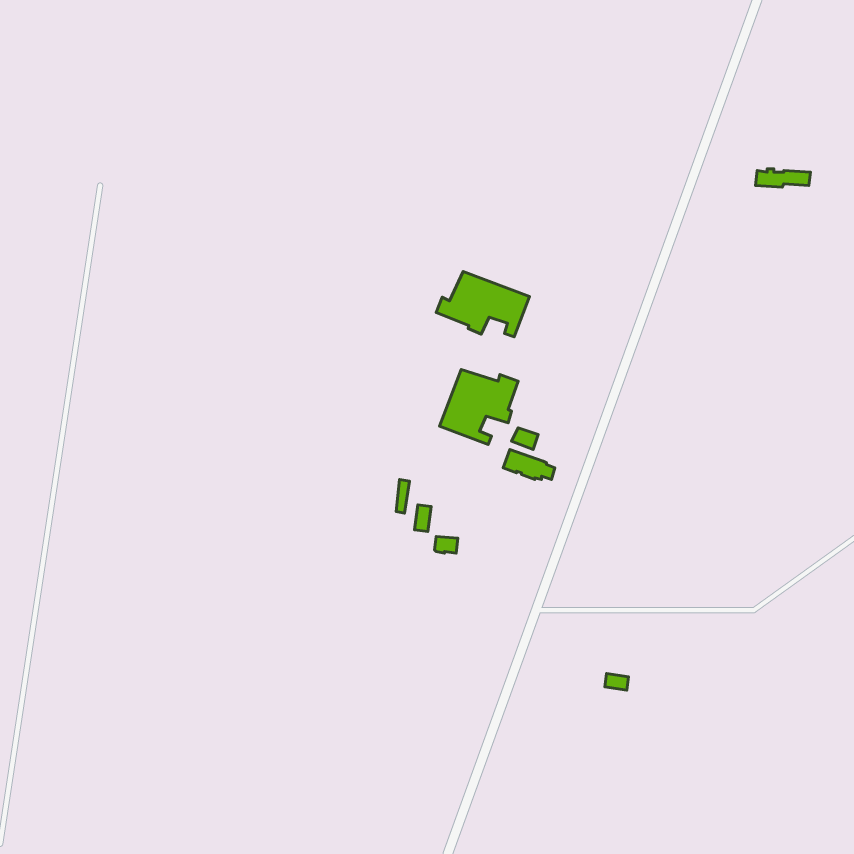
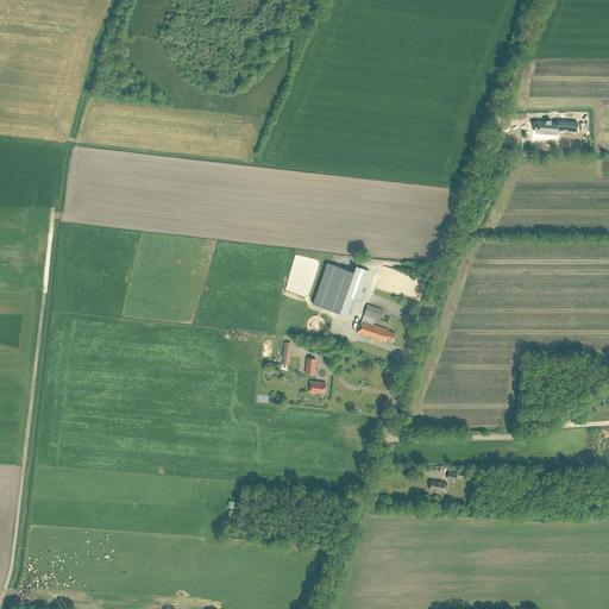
building: [436,272,530,337] -> none

